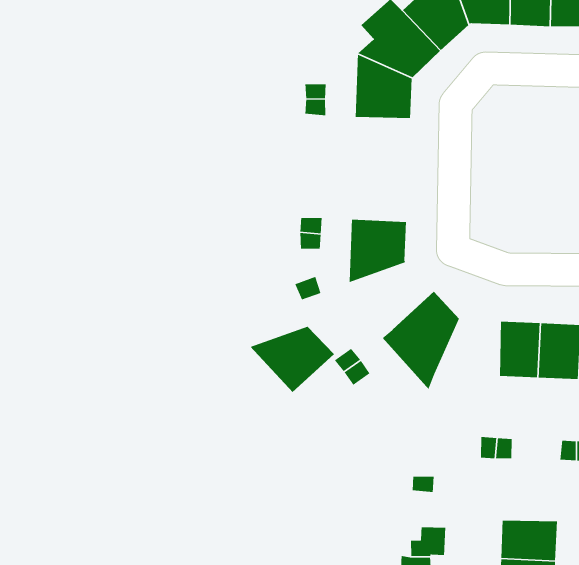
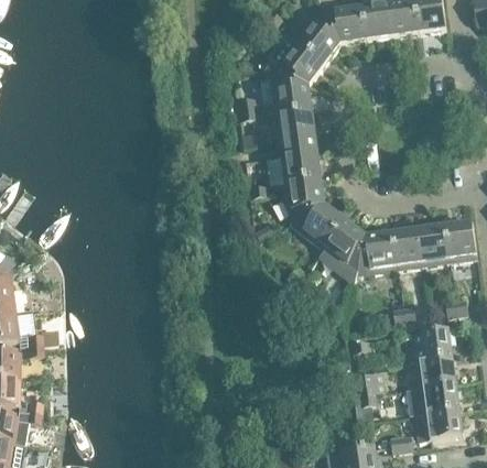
building: none -> [278,110,323,182]
building: none -> [358,231,400,273]
building: [250,326,335,393] -> [292,204,348,249]
building: none -> [414,328,454,360]

